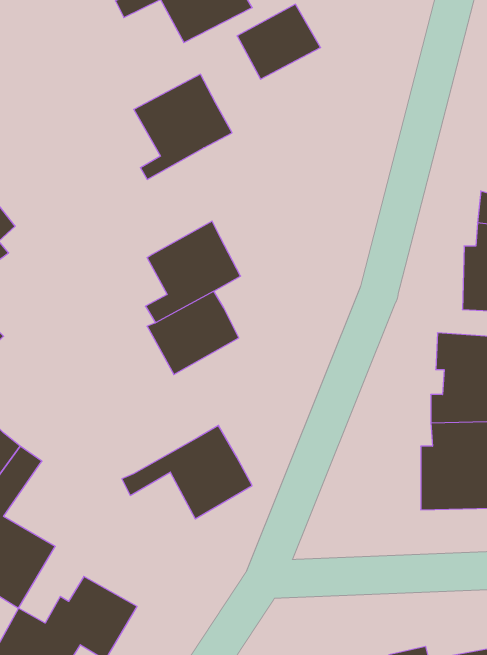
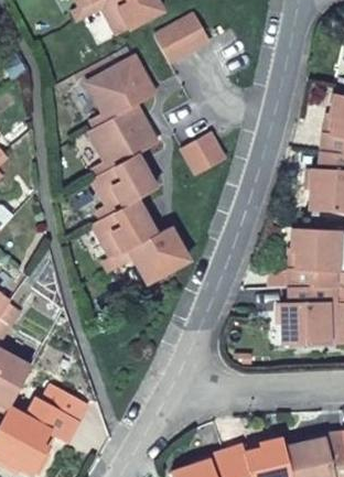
building: none -> [92,107,158,177]
building: none -> [185,130,233,175]
building: [122,425,252,519] -> [108,225,194,286]

